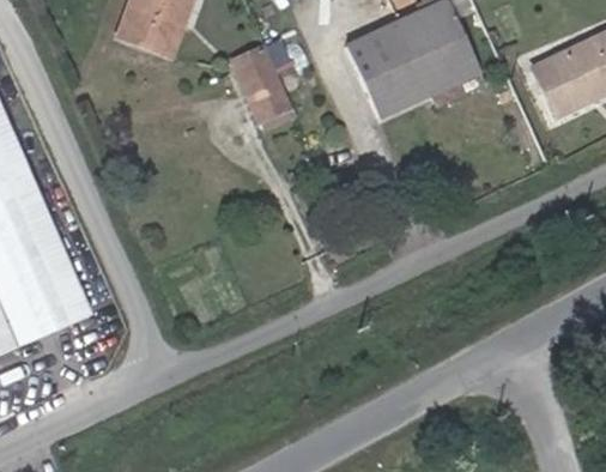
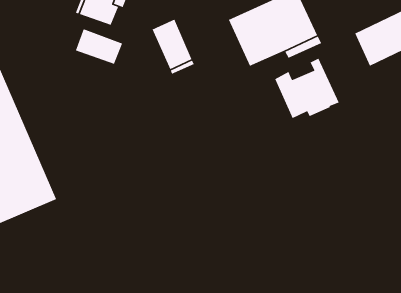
building: none -> [75,28,123,65]
building: none -> [274,57,340,119]

